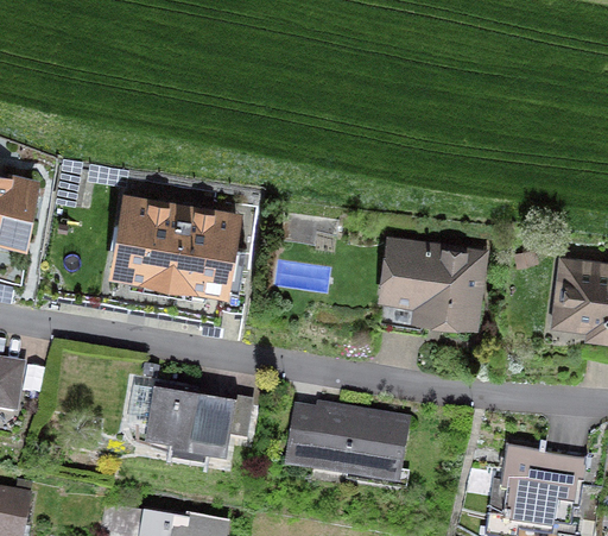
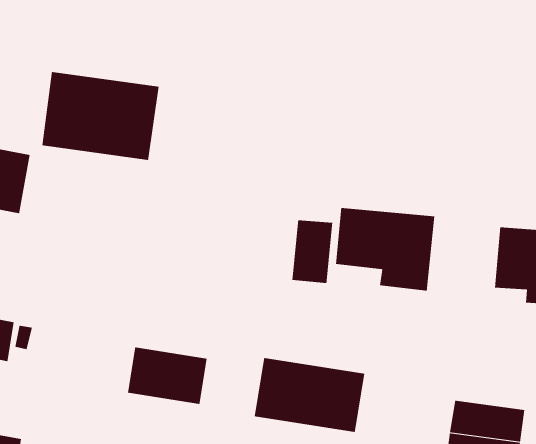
building: [110,191,241,290] -> [42,72,160,161]
building: none -> [292,219,333,284]

